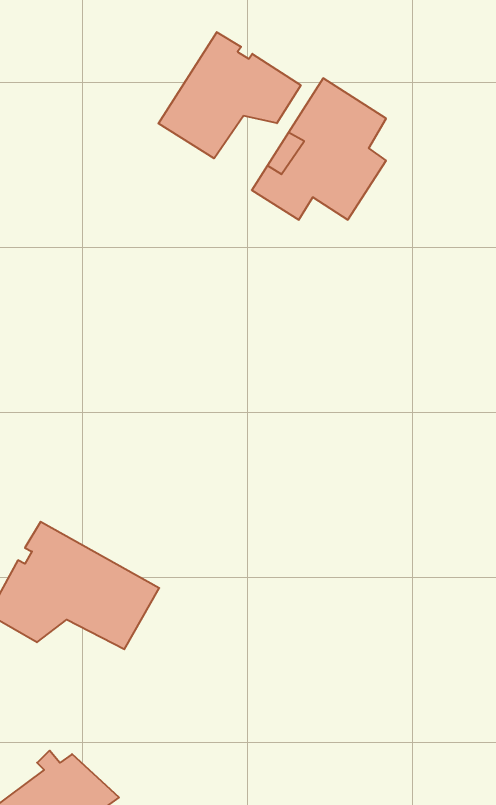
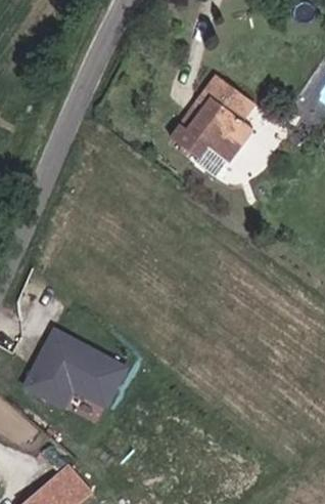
building: [158,32,301,158] -> none

